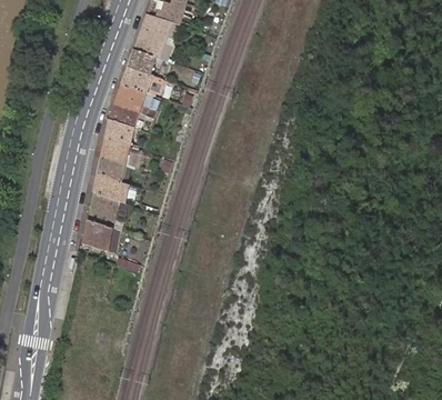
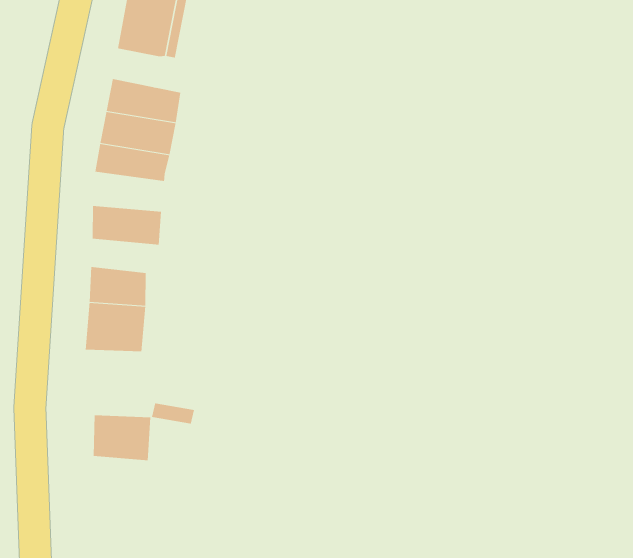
building: [127,51,155,77] -> none
building: [103,119,147,148] -> none
building: [97,157,138,182] -> none
building: [81,219,118,250] -> [93,415,151,461]

